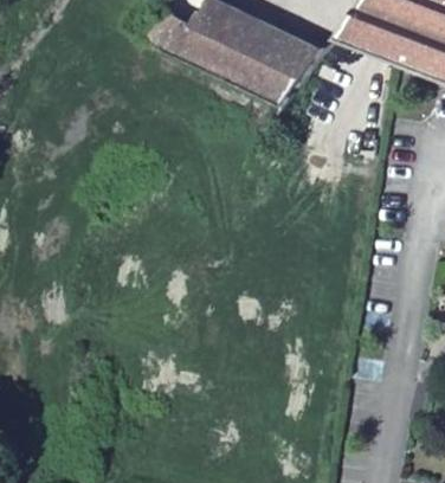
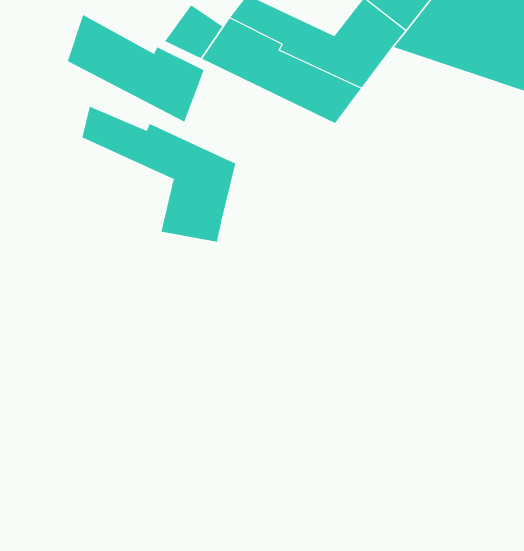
building: none -> [67,14,204,123]
building: none -> [82,106,236,243]

